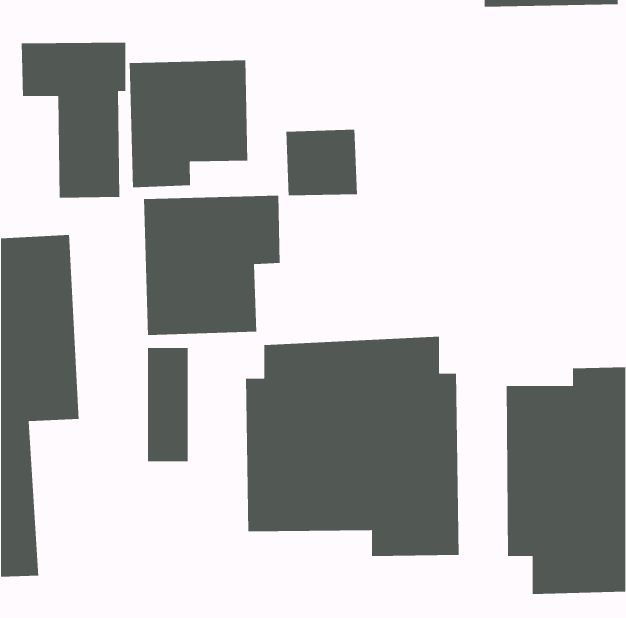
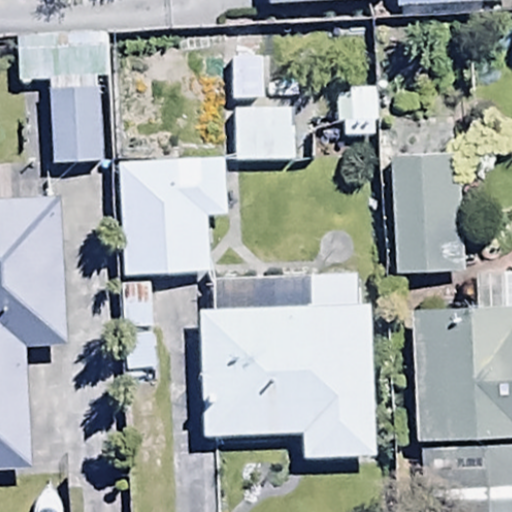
building: [129,60,248,188] -> none
building: none -> [388,147,463,274]

